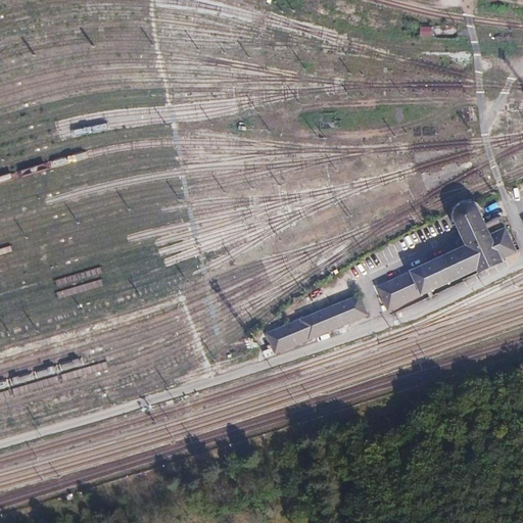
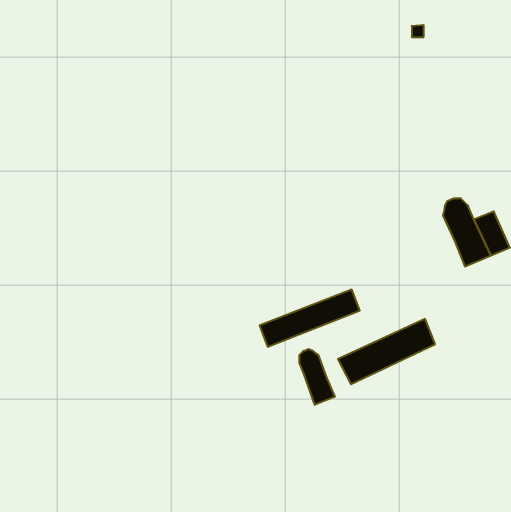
building: [375,246,474,313] -> [338,319,435,384]
building: none -> [299,349,335,405]

